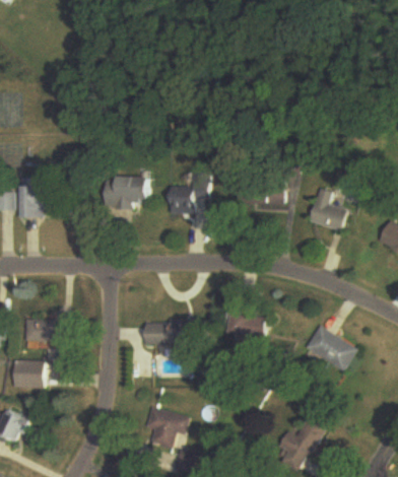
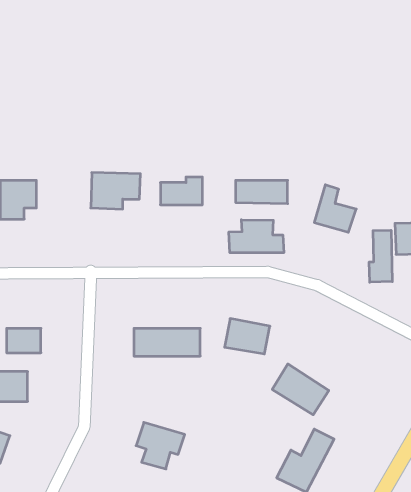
building: none -> [229,220,284,253]
building: none -> [369,230,392,282]
building: [304,325,355,371] -> [272,364,329,415]

